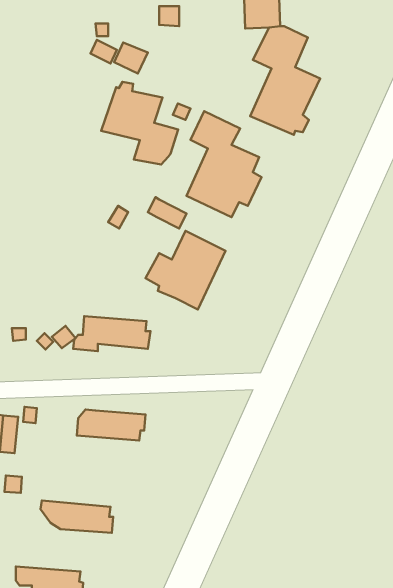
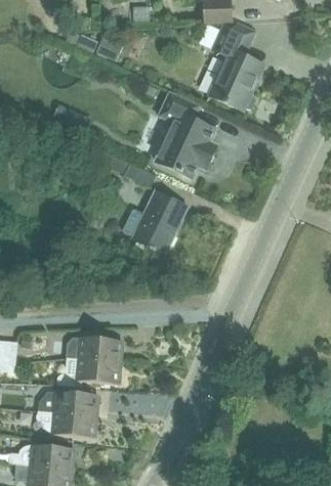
building: [101,82,178,165] -> none
building: [73,316,150,351] -> [56,357,120,386]
building: none -> [37,389,98,415]
building: none -> [9,444,74,469]

